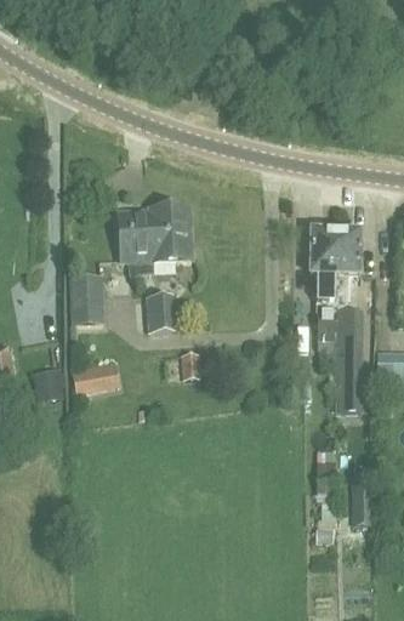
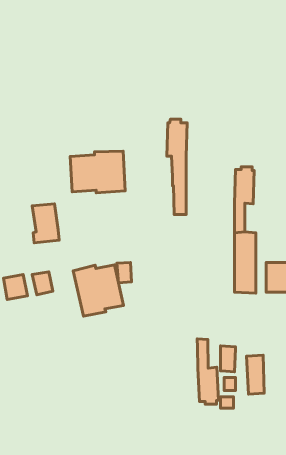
building: [308,226,335,351] -> [167,119,187,215]
building: [144,295,180,332] -> none
building: none -> [73,265,124,316]
building: none -> [197,339,218,404]

